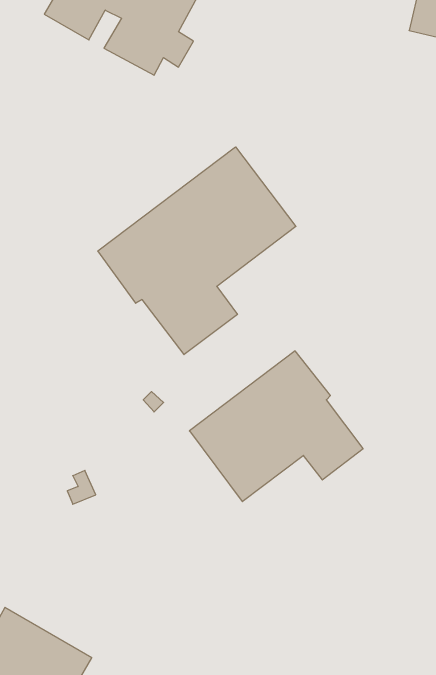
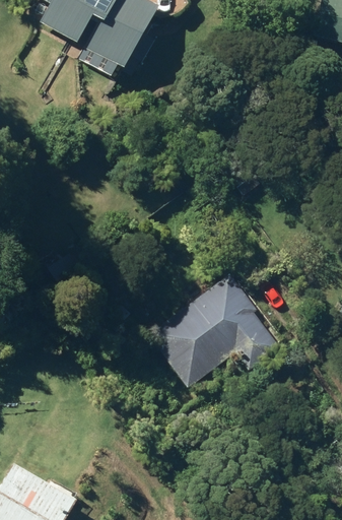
building: [98,147,296,355] -> none

